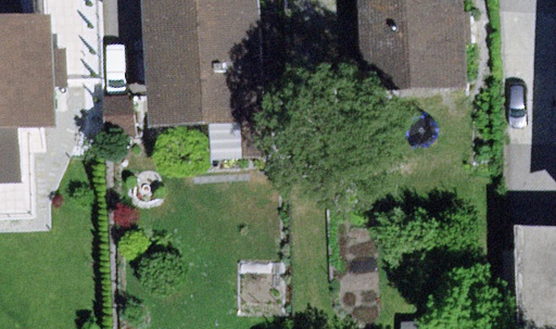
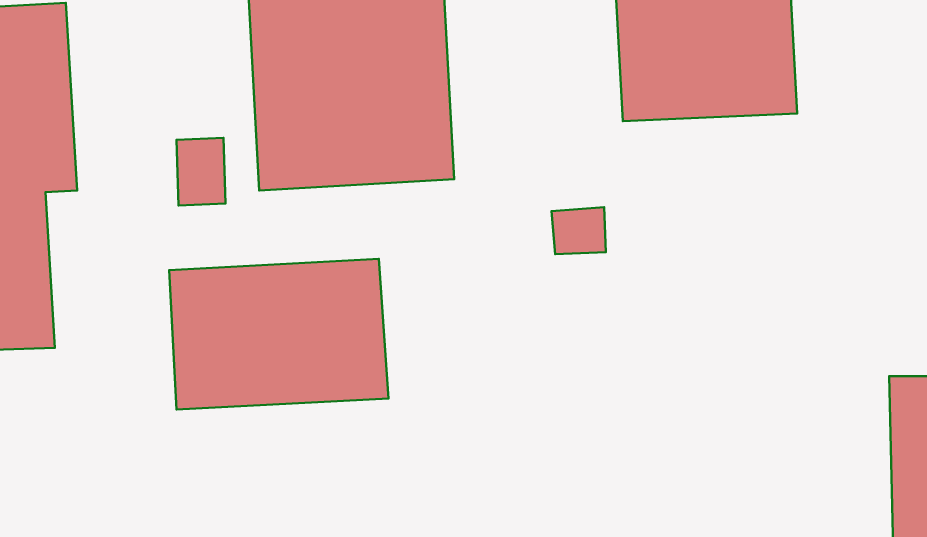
building: none -> [169,259,389,410]

